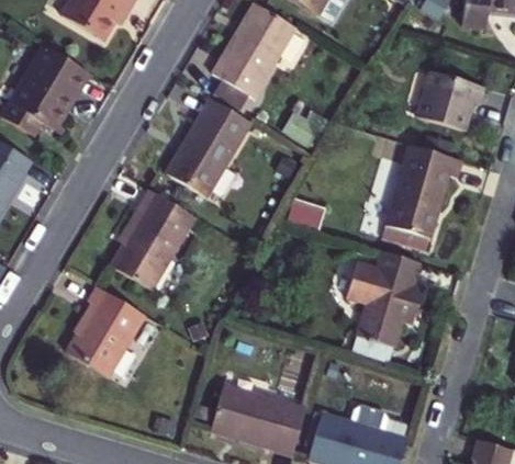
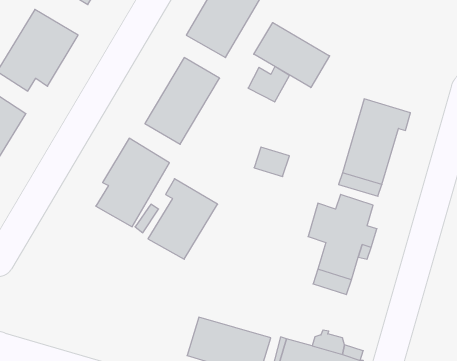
building: none -> [254,23,330,88]
building: [419,72,485,128] -> none
building: [67,285,145,375] -> [148,179,218,259]

